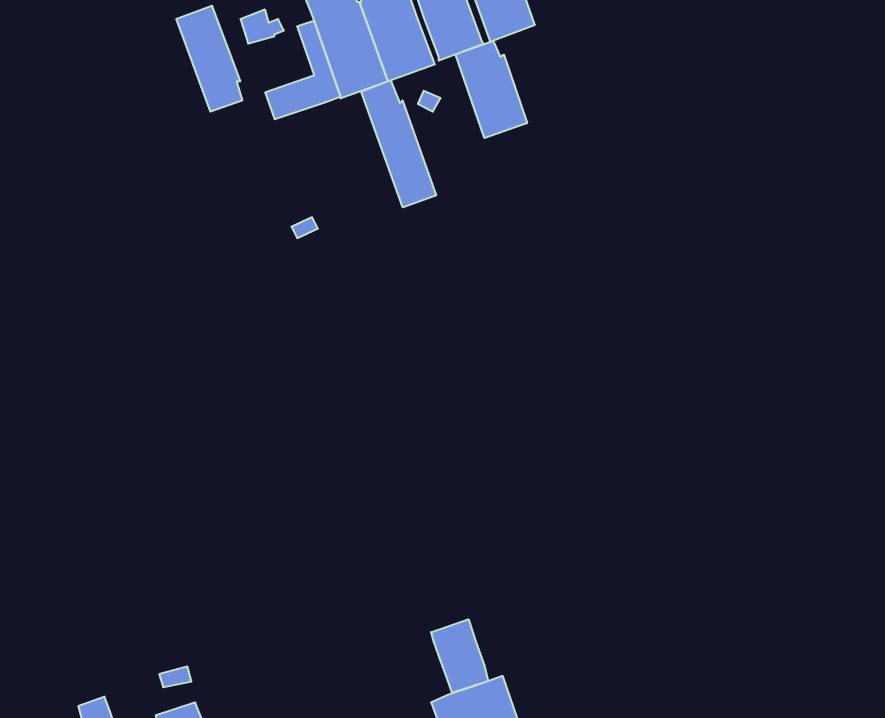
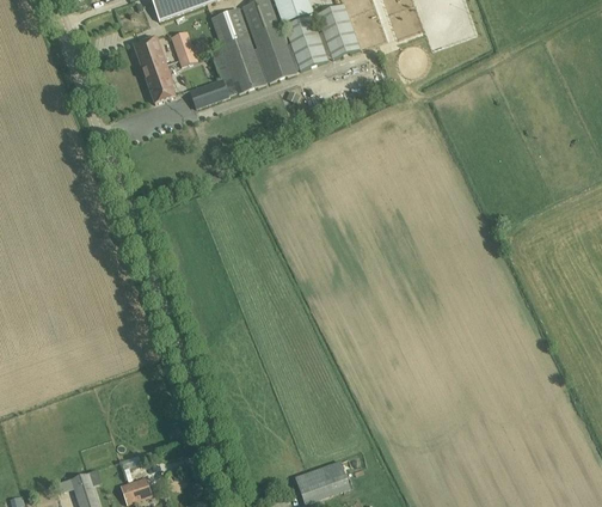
building: [455,41,527,138] -> none
building: [361,80,436,207] -> none
building: [431,619,488,693] -> none

